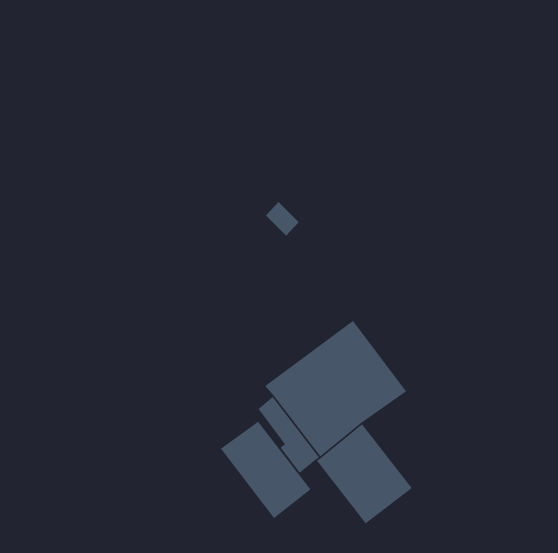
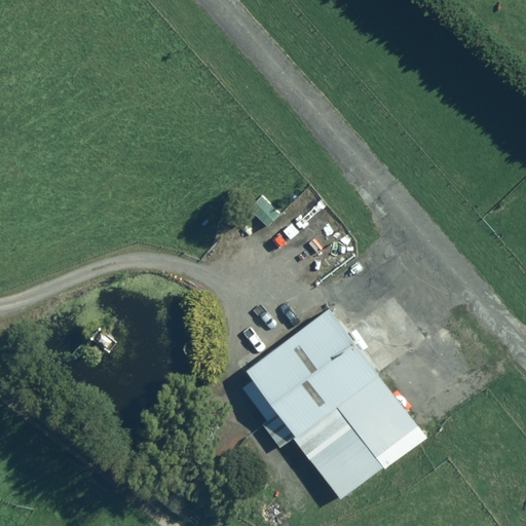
building: none -> [338,374,428,466]
building: [220,421,312,519] -> none

